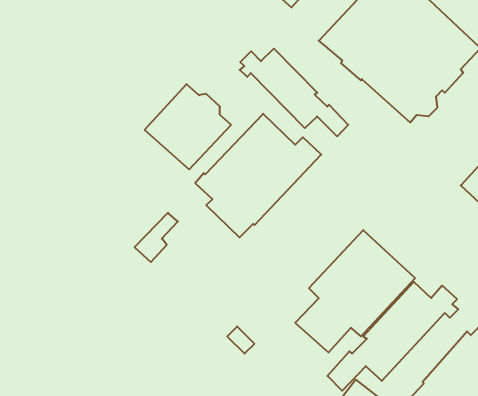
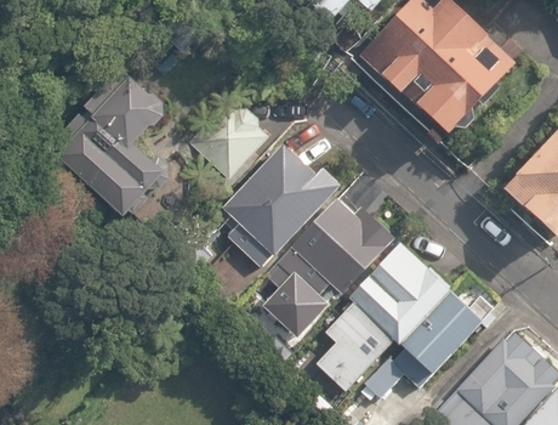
building: [240,49,348,136] -> none
building: none -> [59,67,175,216]
building: none -> [262,198,395,316]

